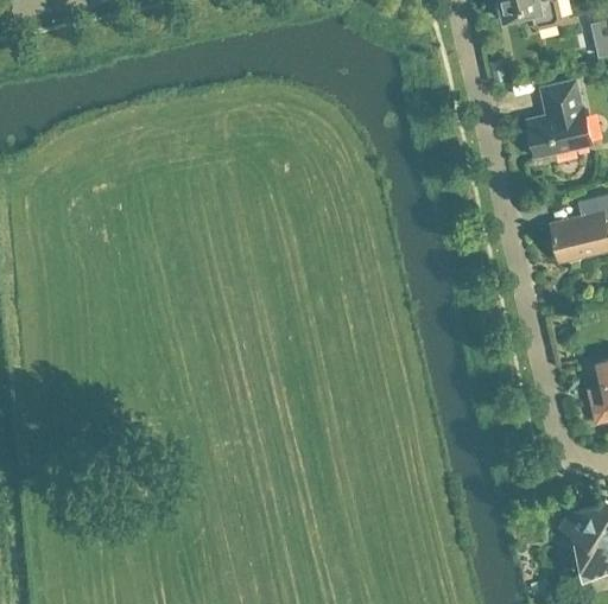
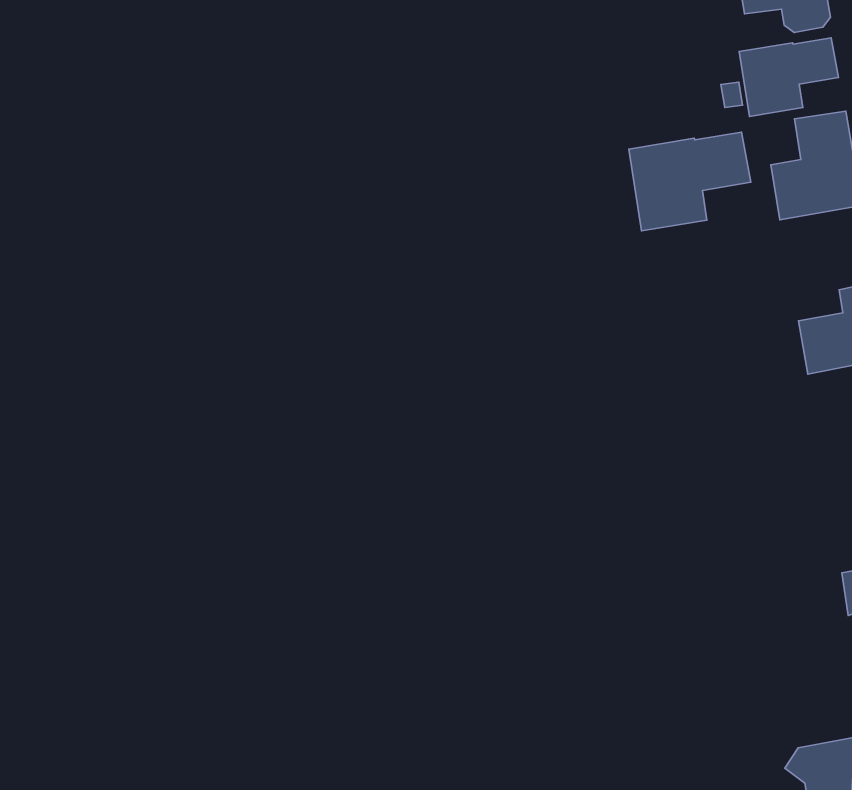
building: none -> [739,38,839,116]
building: none -> [629,132,751,231]

